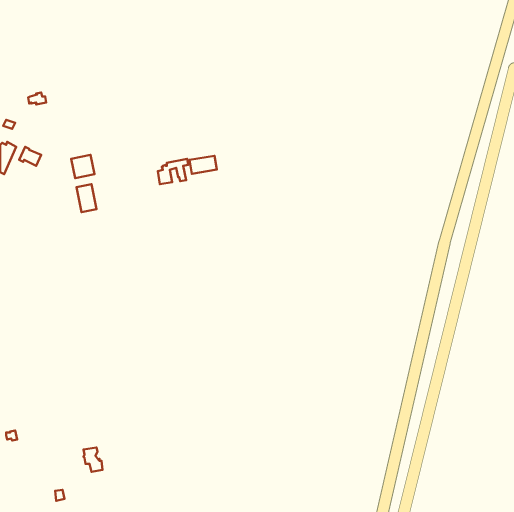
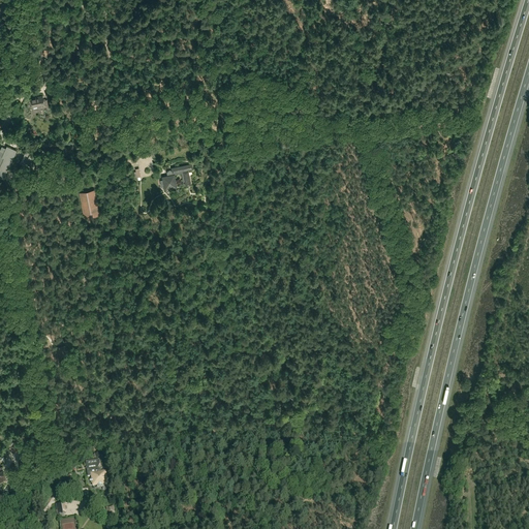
building: [71,155,94,178] -> none
building: [190,156,217,174] -> none

